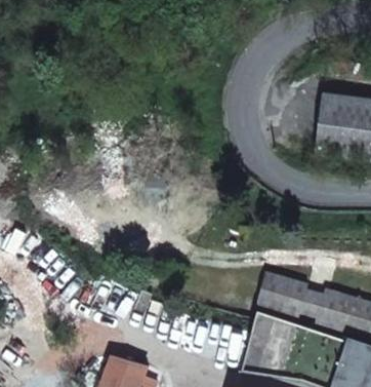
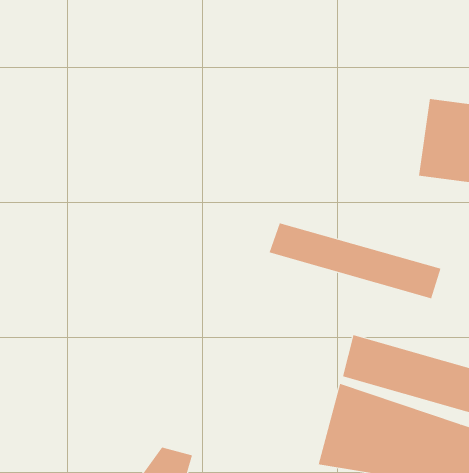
building: none -> [269,222,441,299]

